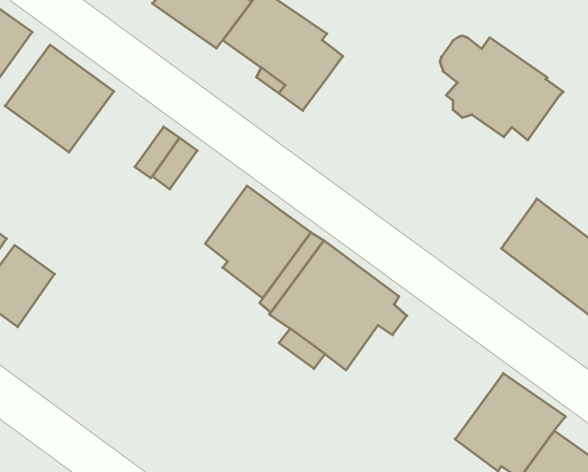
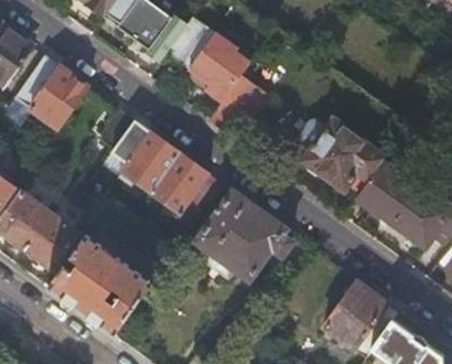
building: [440,36,563,140] -> [298,120,383,192]
building: none -> [206,75,266,138]
building: none -> [118,130,181,192]
building: none -> [23,213,76,269]
building: none -> [47,233,153,336]

